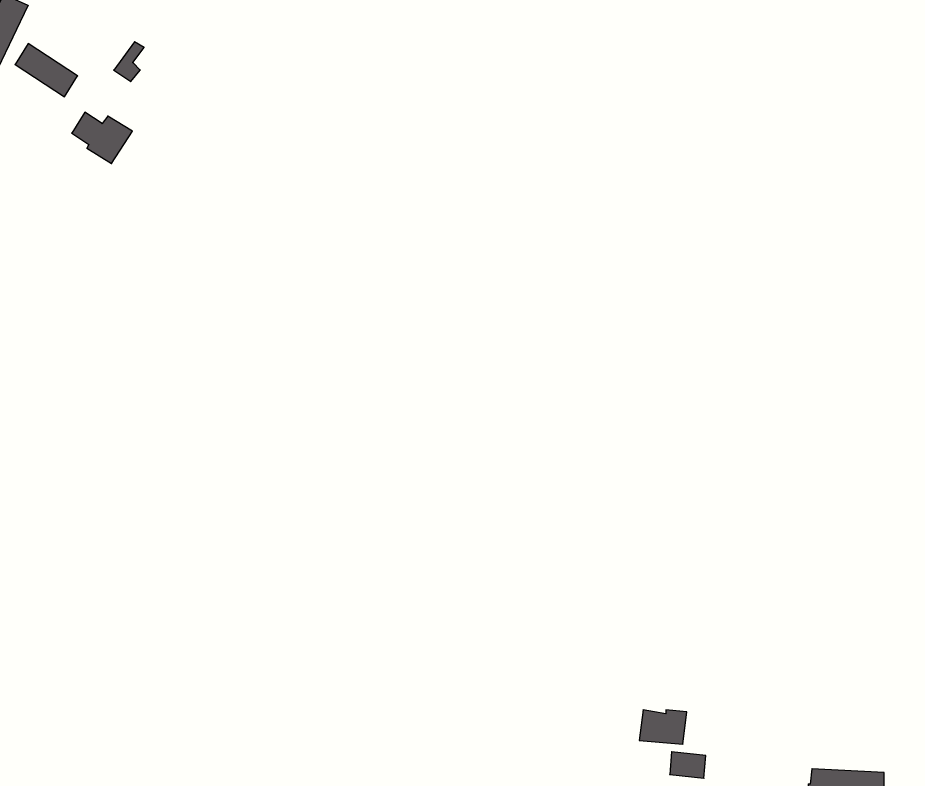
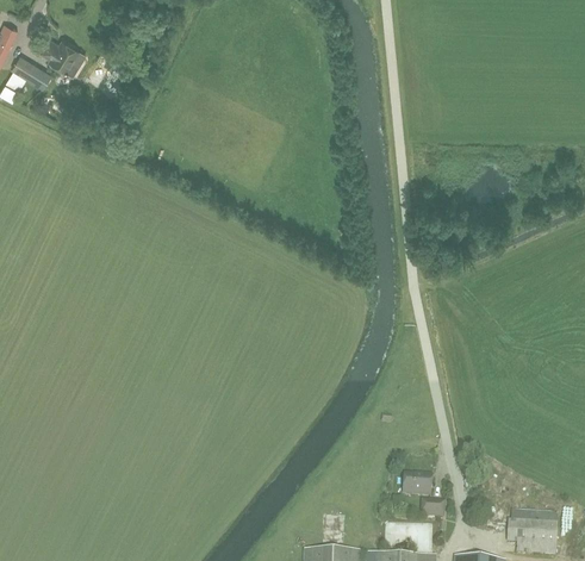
building: [72,112,132,164] -> [41,39,79,71]

